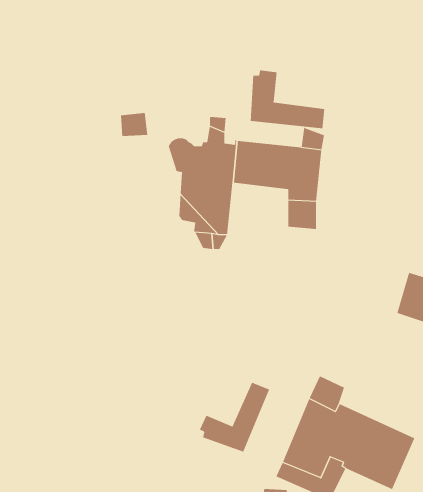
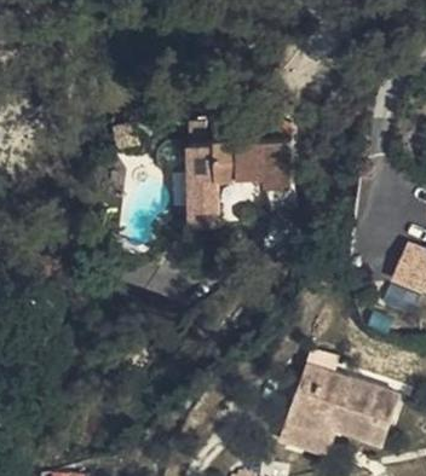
building: [250,69,325,129] -> none
building: [199,382,270,452] -> none

